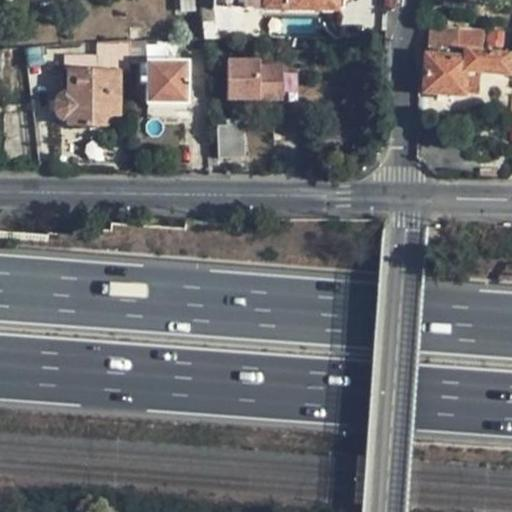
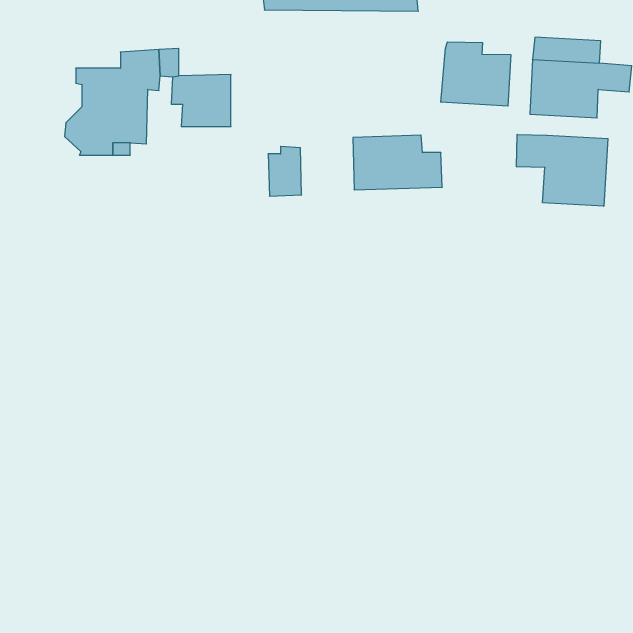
building: none -> [441,42,511,106]
building: [227,56,299,100] -> [353,135,442,190]
building: none -> [516,134,608,206]

